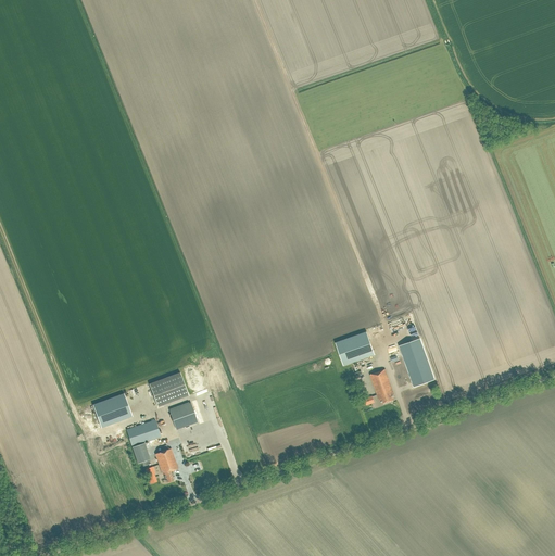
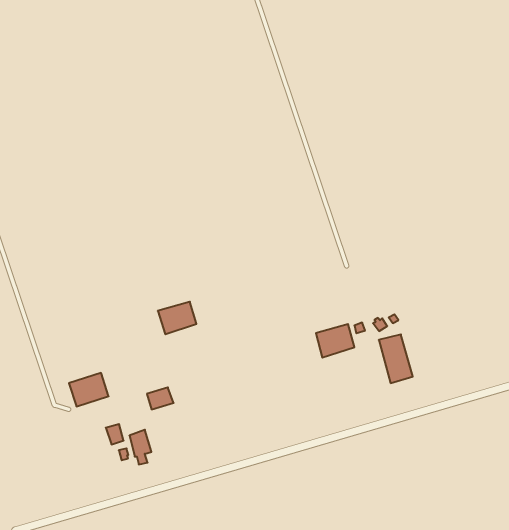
building: [368,369,393,404] -> none
building: [148,372,187,406] -> [158,302,196,334]
building: [125,419,160,446] -> none

